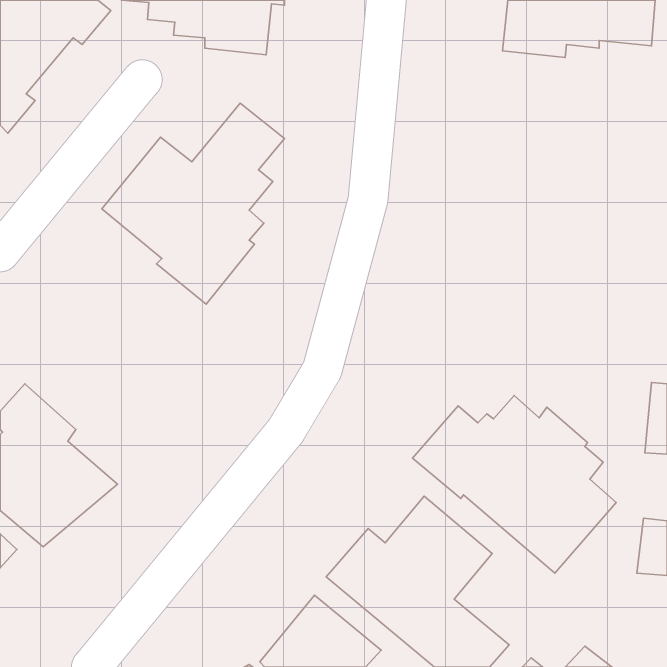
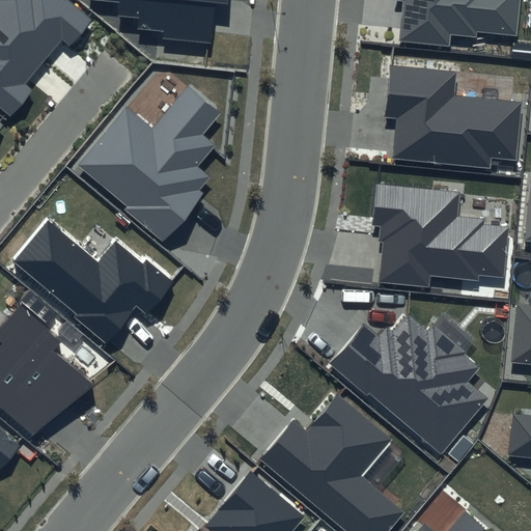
building: none -> [385,65,521,169]
building: none -> [370,184,509,288]
building: none -> [17,221,177,341]

